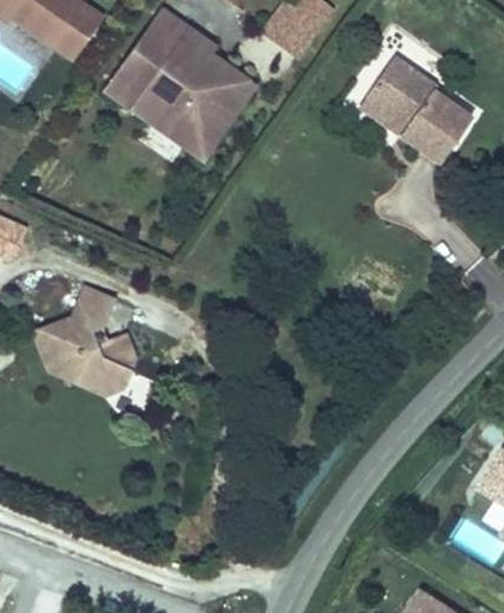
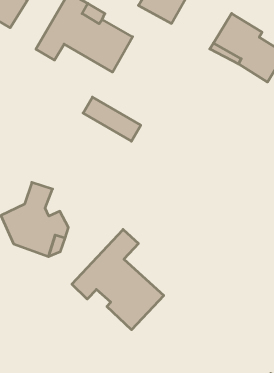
building: [133,84,217,153] -> [83,97,141,141]
building: none -> [72,229,164,330]

